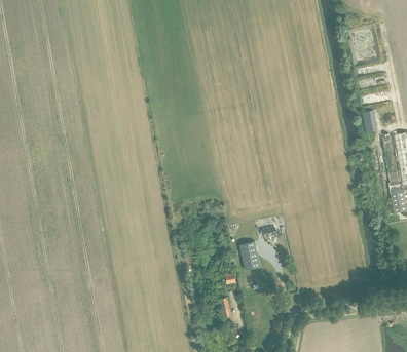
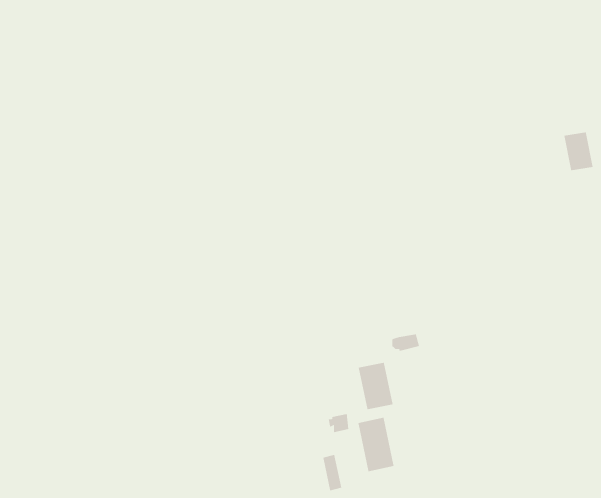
building: none -> [358,417,394,472]

